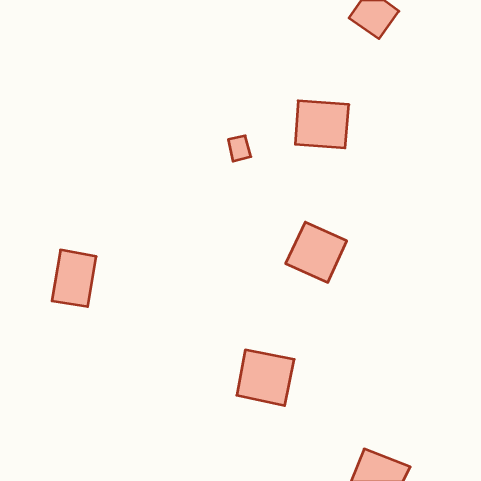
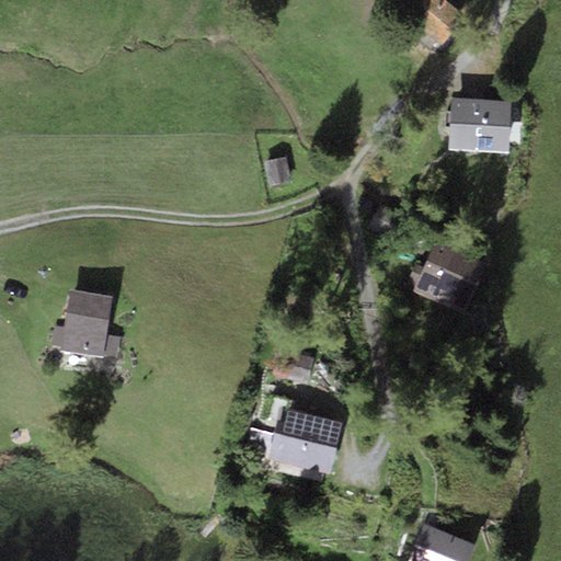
building: [295,101,349,148] -> [447,99,510,153]
building: [286,222,347,282] -> [414,243,485,313]

